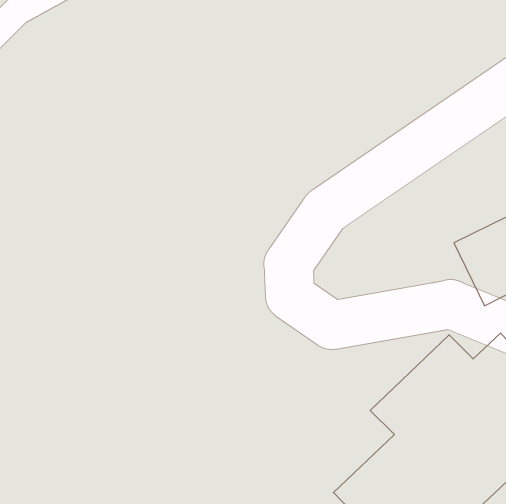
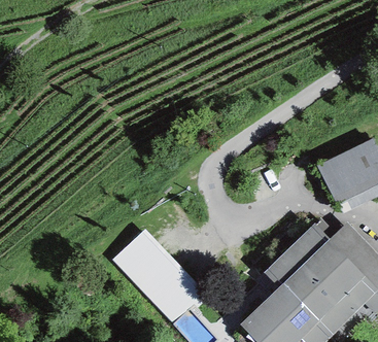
building: none -> [116,229,205,318]

